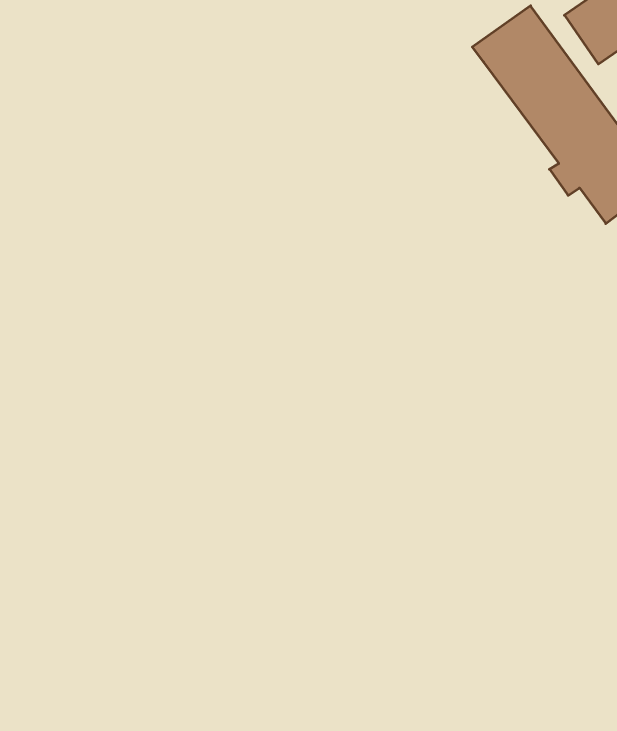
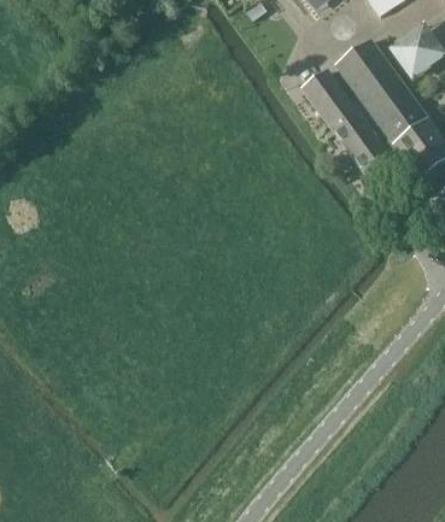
building: none -> [300,70,394,182]

